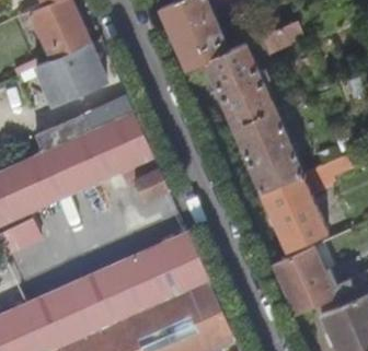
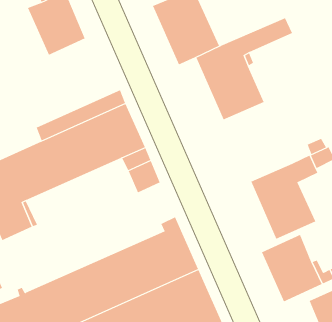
building: [36,43,106,104] -> none
building: [232,108,303,190] -> none

